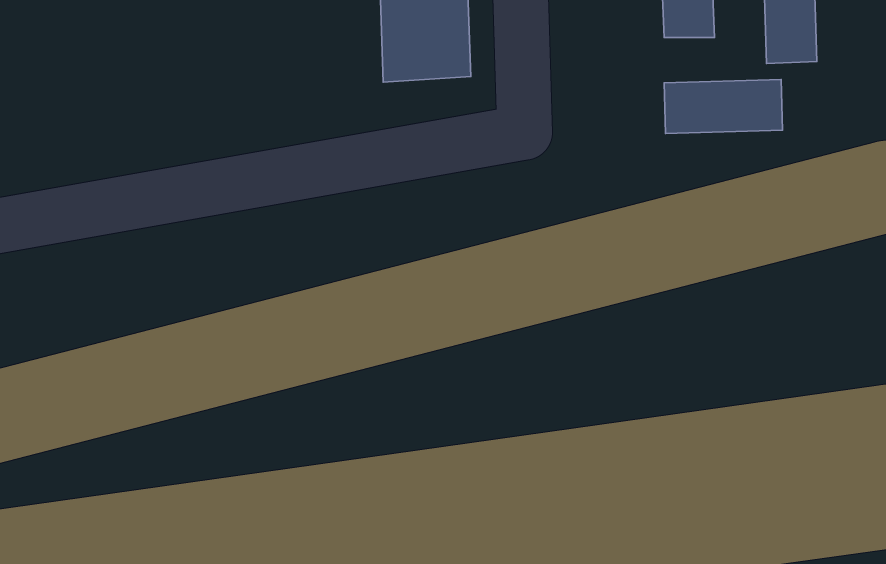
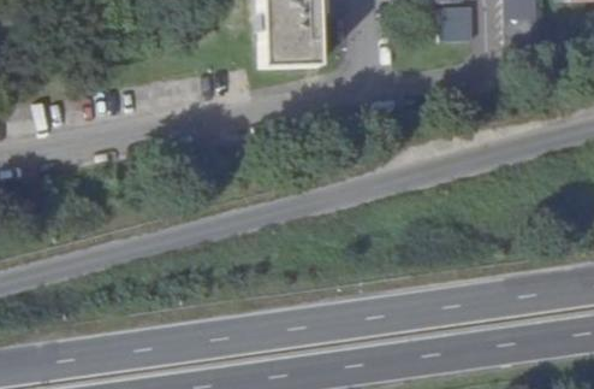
building: [664,79,782,134] -> none

